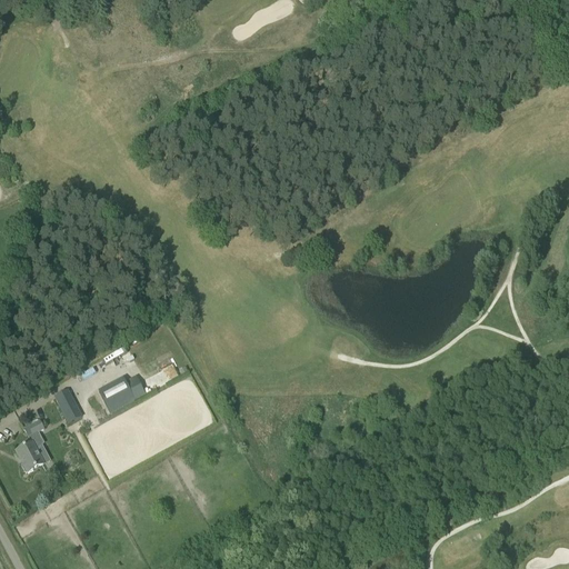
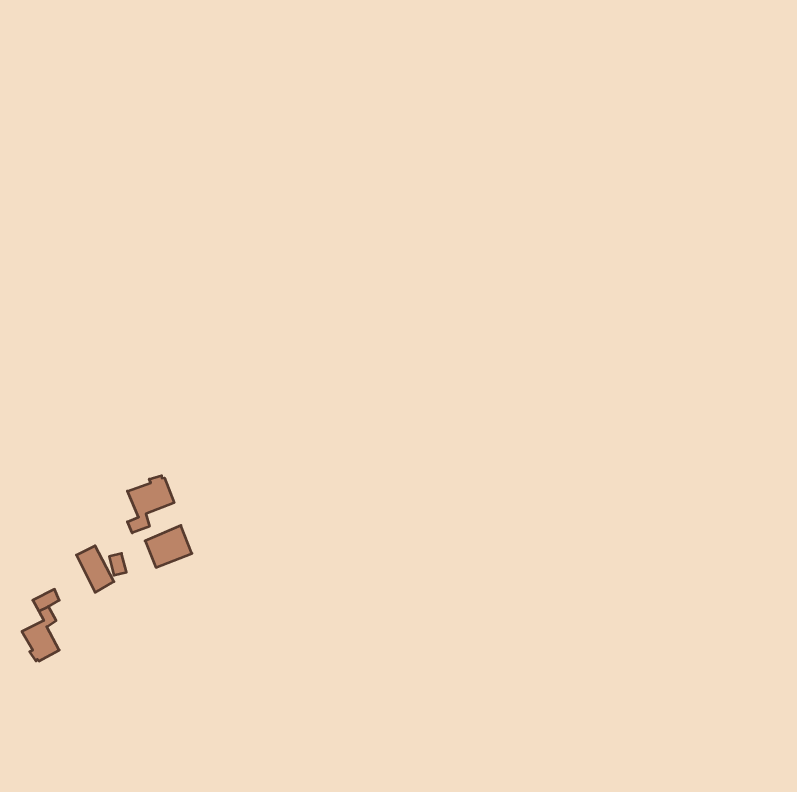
building: none -> [127,476,174,533]

